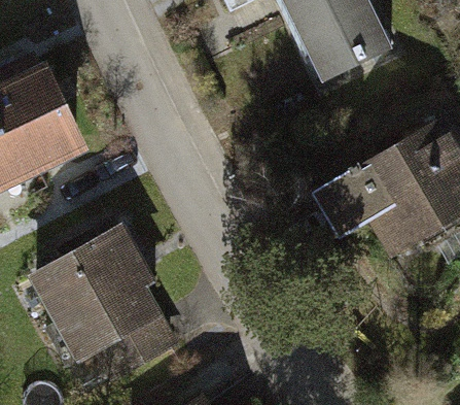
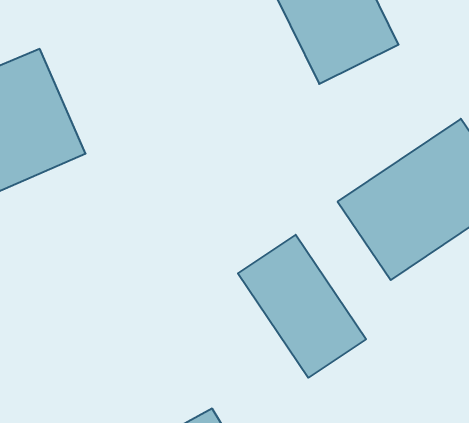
building: none -> [238,235,366,378]
building: [32,229,179,392] -> none

